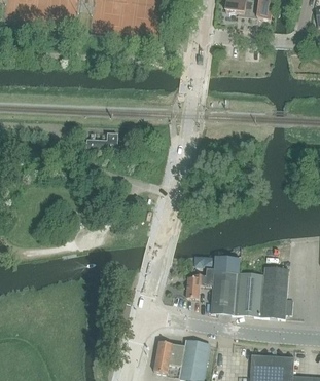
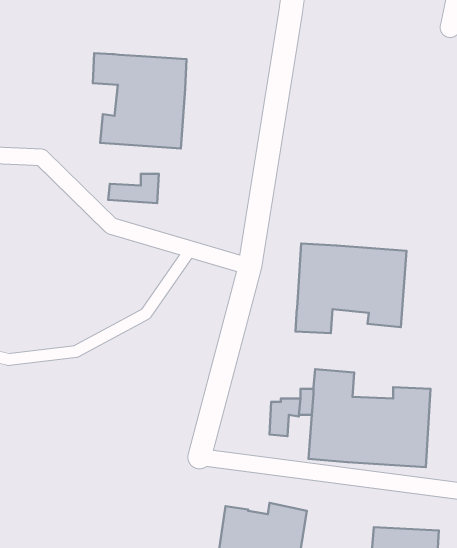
building: none -> [93,53,187,148]
building: none -> [296,244,407,333]

